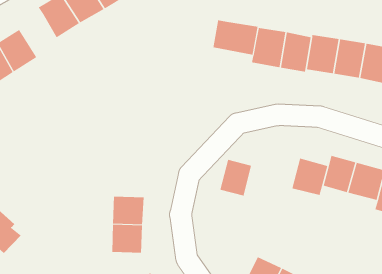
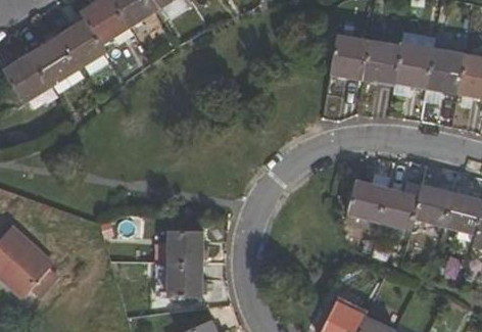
building: none -> [58,18,105,68]
building: [213,20,258,55] -> none
building: [220,159,252,196] -> [347,179,385,222]

